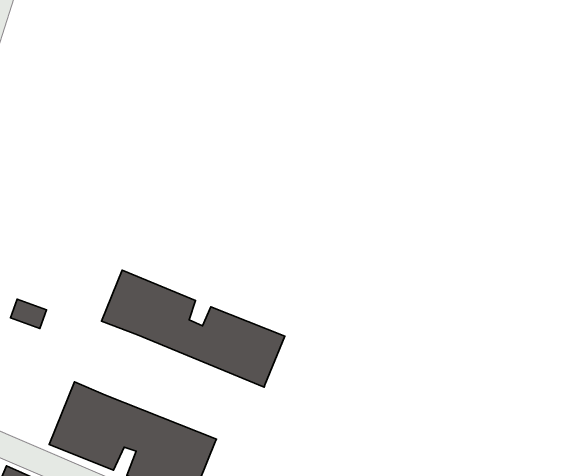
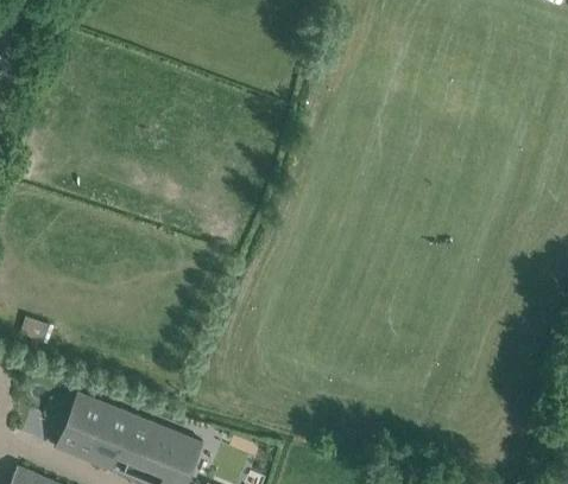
building: [101,270,285,387] -> none

